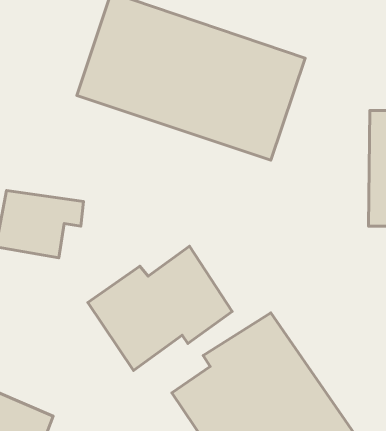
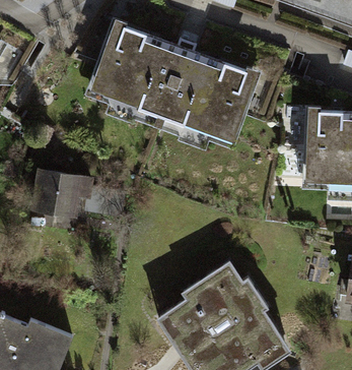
building: [88,246,232,370] -> none

